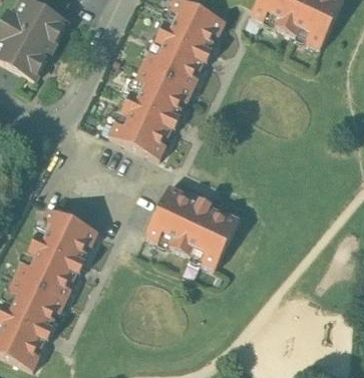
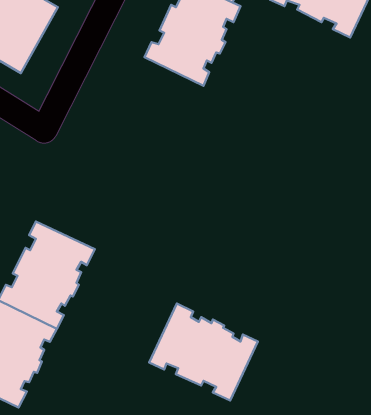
building: [108,65,193,158] -> none
building: [144,184,239,269] -> [149,303,258,401]

